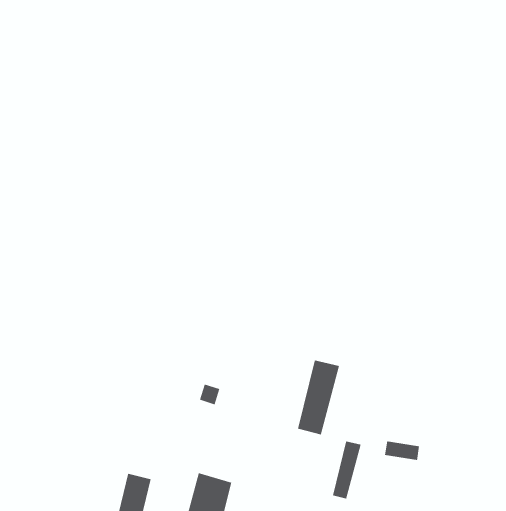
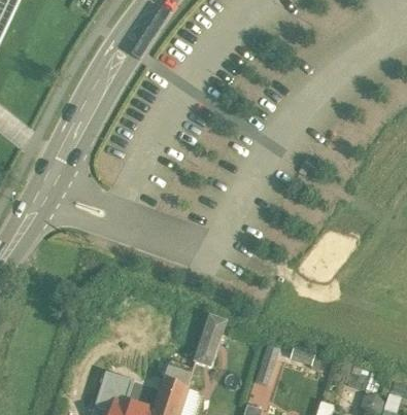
building: [297,360,340,435] -> [193,316,224,366]

